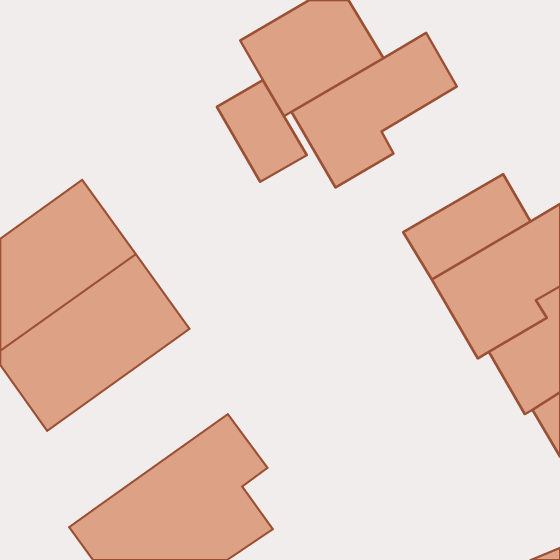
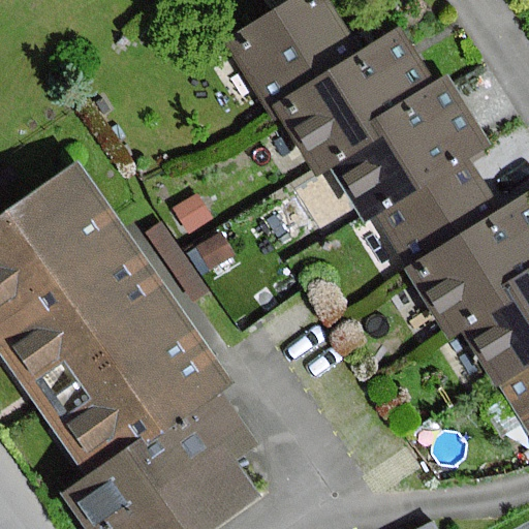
building: none -> [331,71,492,228]
building: [217,80,307,182] -> none
building: none -> [44,310,229,476]

